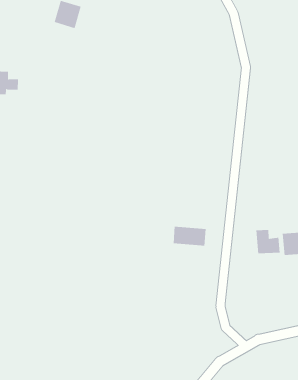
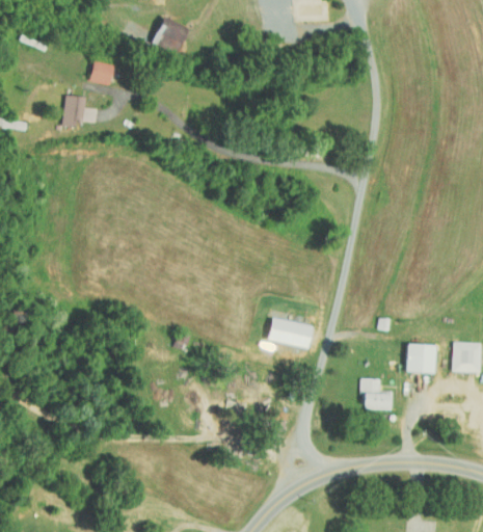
building: none -> [90,60,115,85]
building: [255,229,280,254] -> [363,378,393,410]

